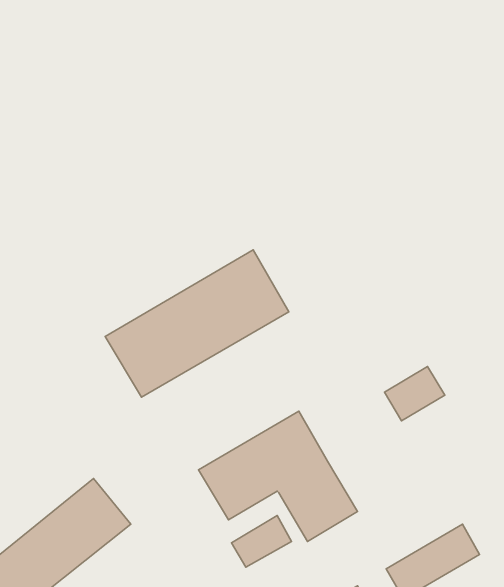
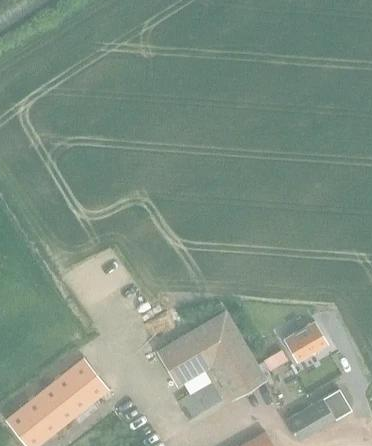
building: [105,250,289,397] -> none
building: [384,367,445,421] -> [284,331,326,369]

